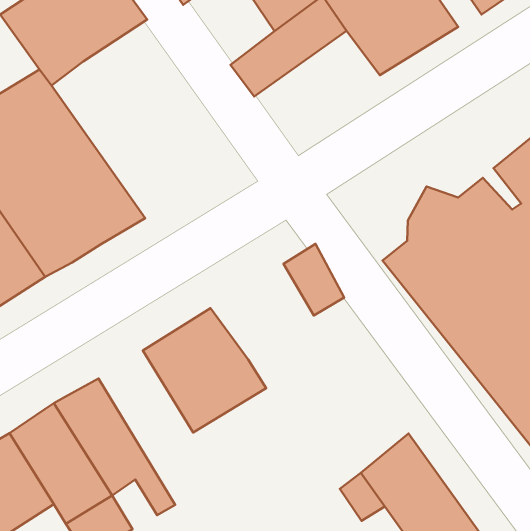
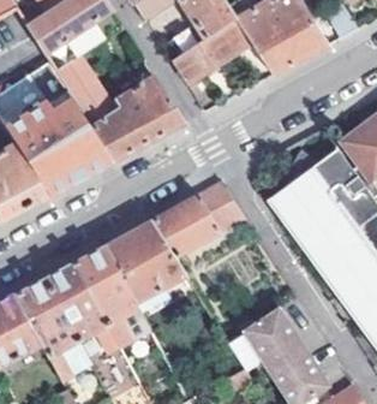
building: none -> [56,55,180,160]
building: none -> [152,195,221,256]
building: none -> [77,246,152,349]

